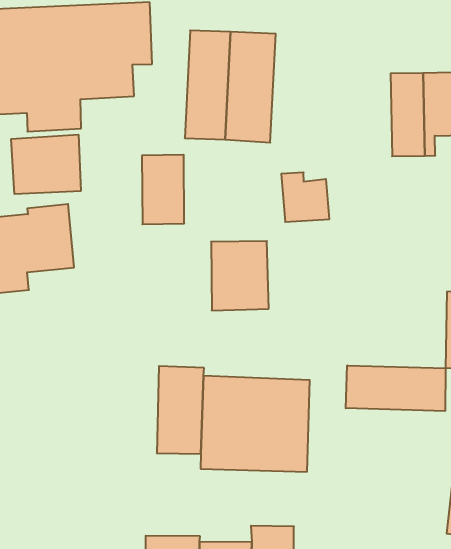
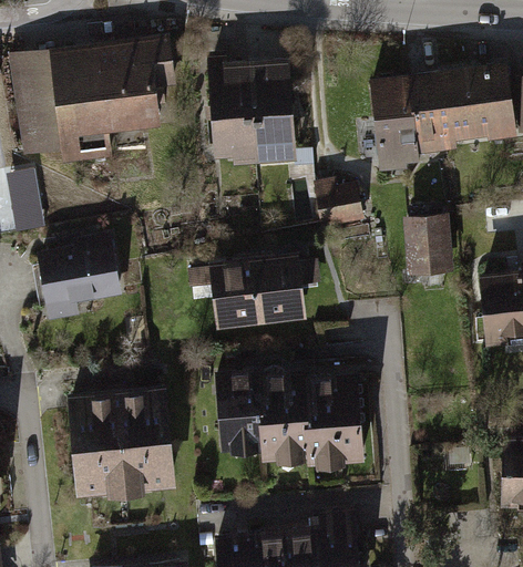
building: none -> [369,79,417,173]
building: [11,135,81,194] -> none
building: [142,155,184,224] -> [211,255,257,324]
building: none -> [404,218,449,276]
building: [346,365,446,411] -> none
building: none -> [74,382,178,494]

